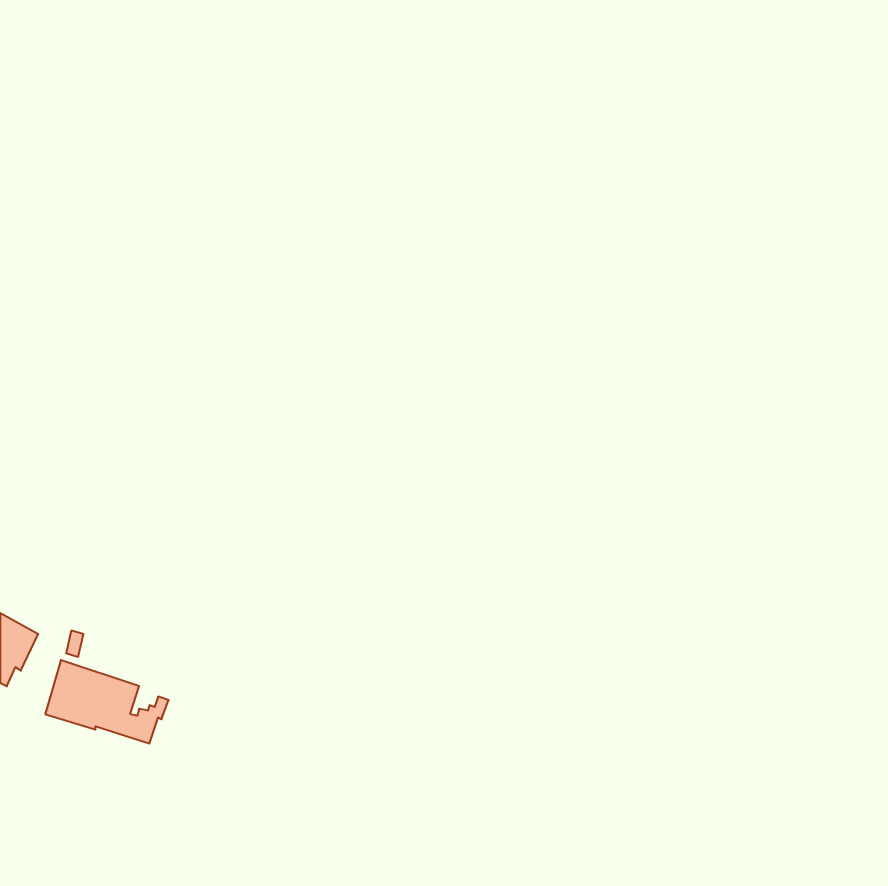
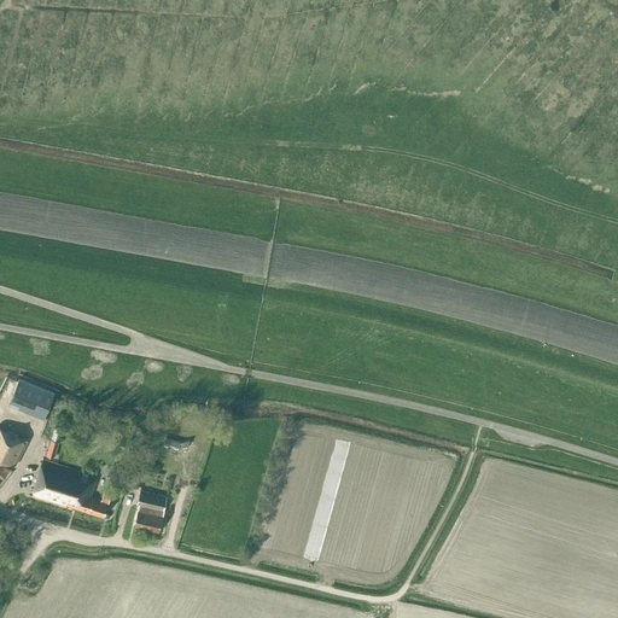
building: none -> [8,379,54,419]
building: none -> [134,491,167,531]

